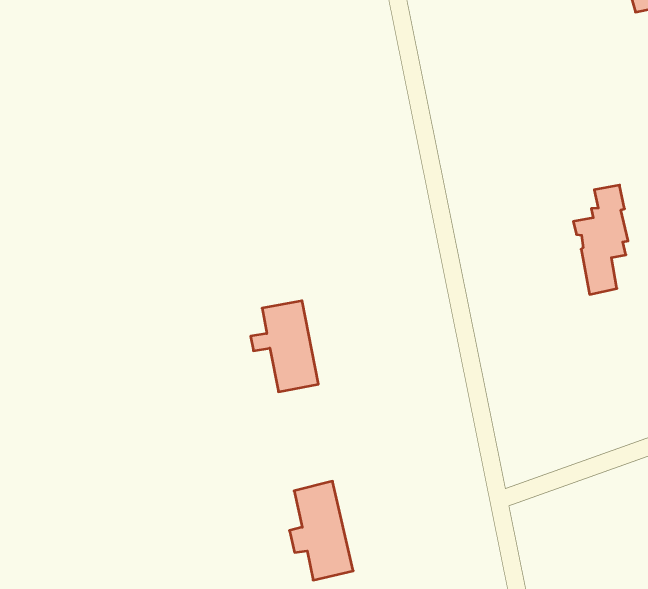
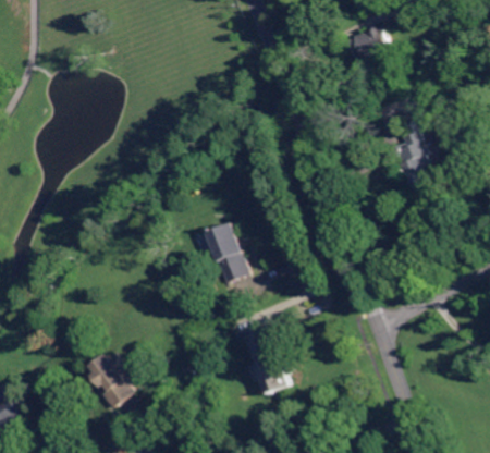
building: none -> [344,25,387,60]
building: none -> [89,355,133,408]

